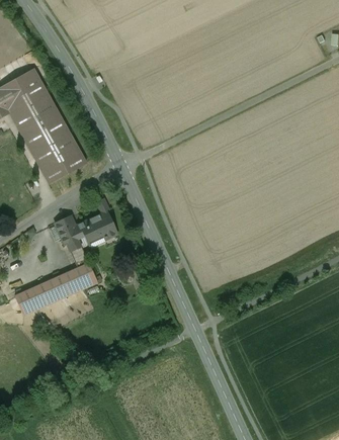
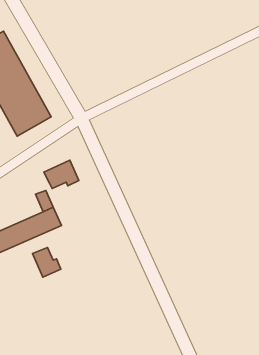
building: [55,215,84,244] -> none
building: none -> [33,247,61,277]

